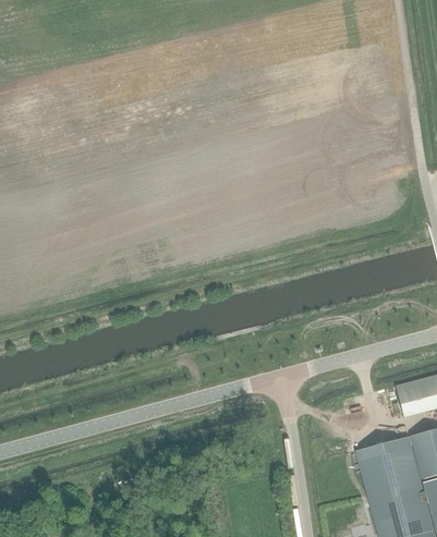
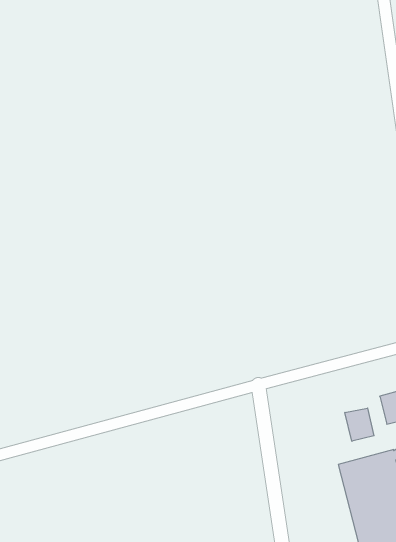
building: none -> [345,408,374,441]

